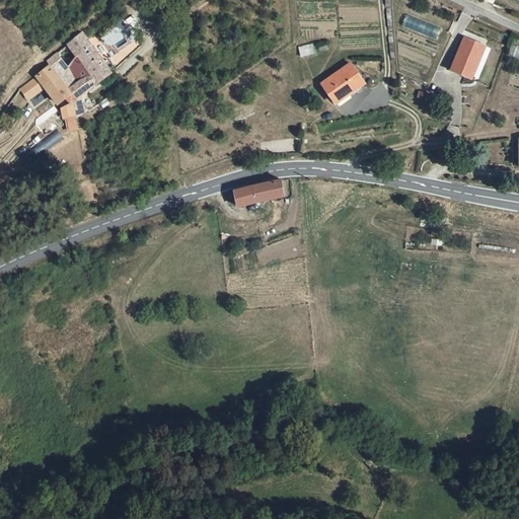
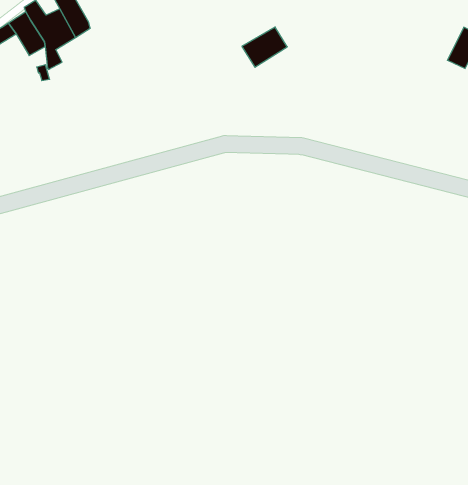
building: [316,64,359,103] -> [242,27,287,67]
building: [235,177,286,209] -> none

